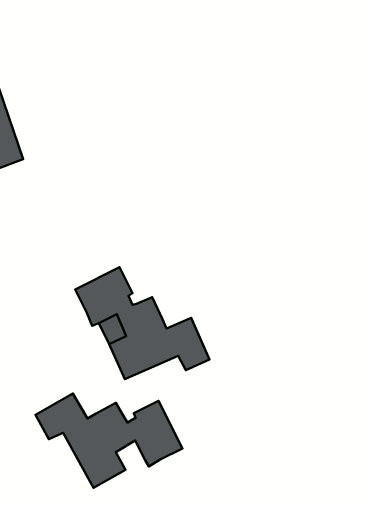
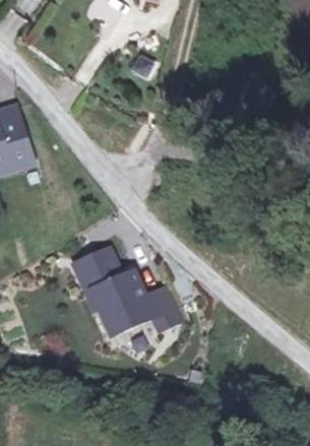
building: [36,394,182,488] -> none

